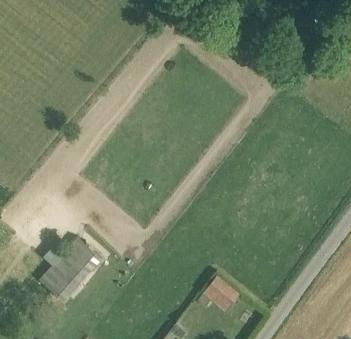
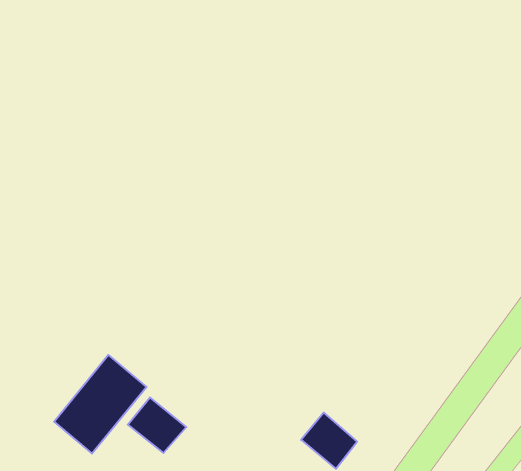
building: none -> [128,397,186,453]

